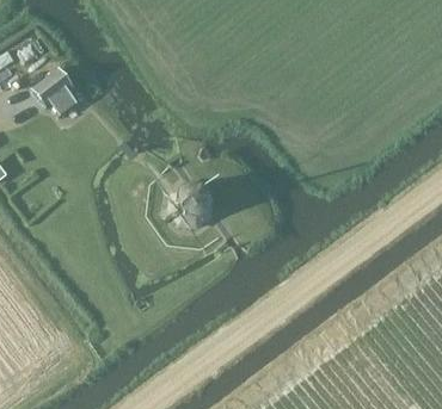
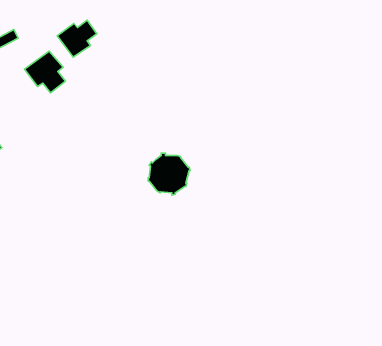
building: none -> [57,20,97,57]

